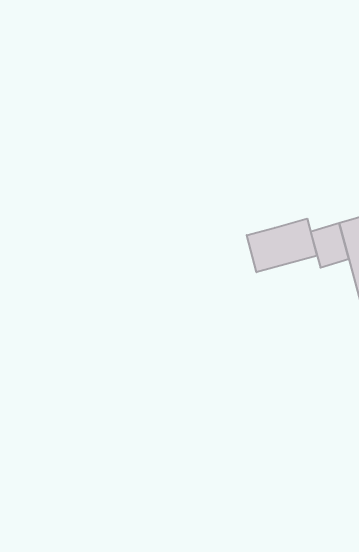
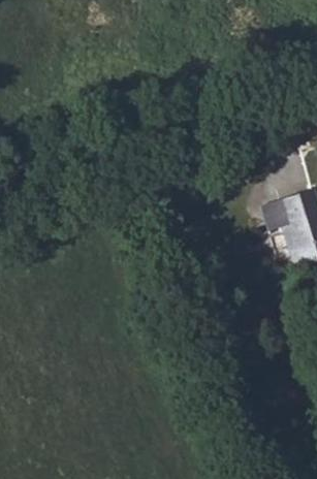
building: [247,219,317,272] -> none

